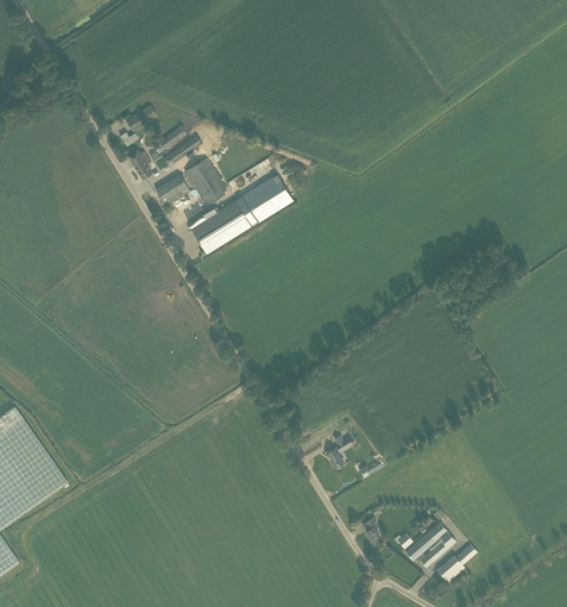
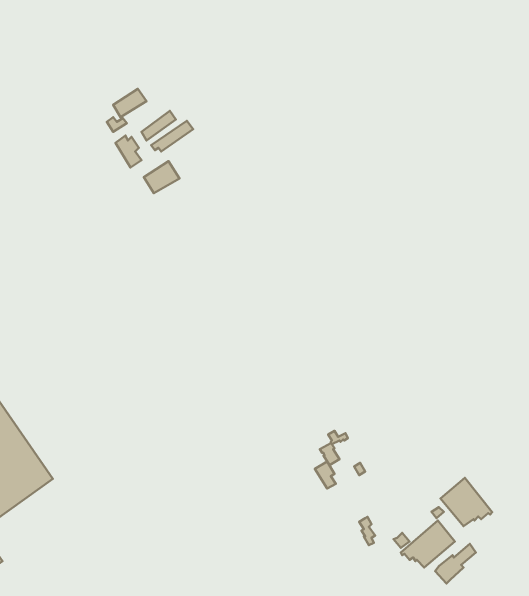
building: [184,157,225,204] -> none
building: [190,174,292,254] -> none
building: none -> [440,478,492,526]

